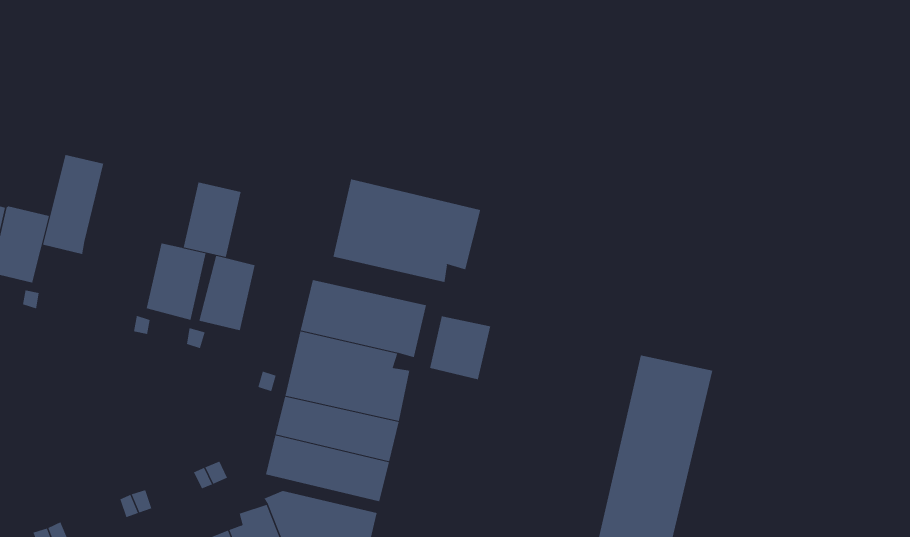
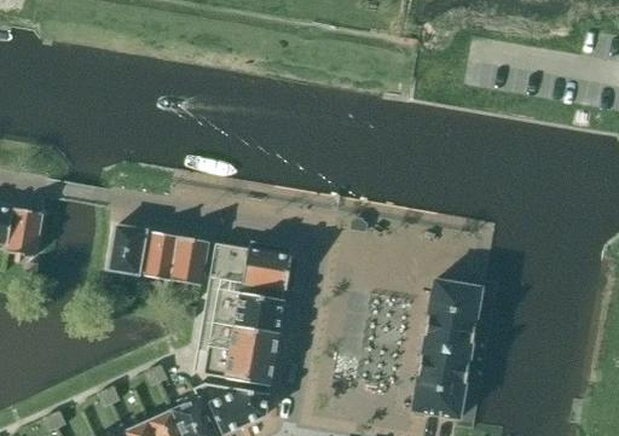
building: [42,154,104,255] -> none
building: [333,179,481,283] -> none
building: [183,182,242,257] -> [172,236,208,284]
building: [430,316,491,380] -> none

